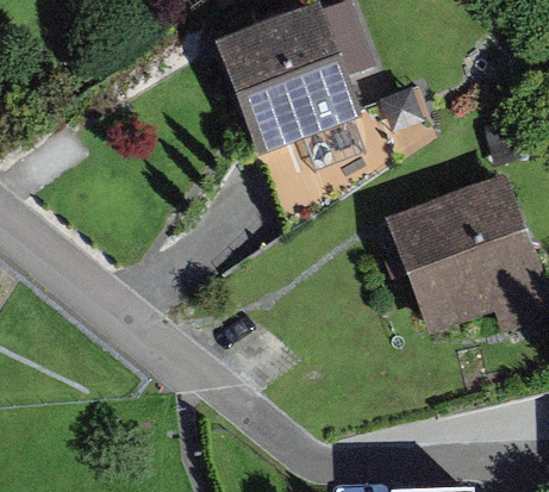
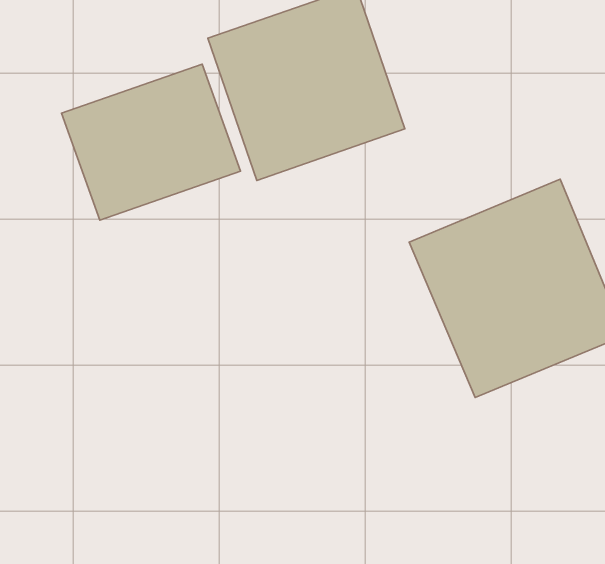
building: none -> [62,64,240,220]

